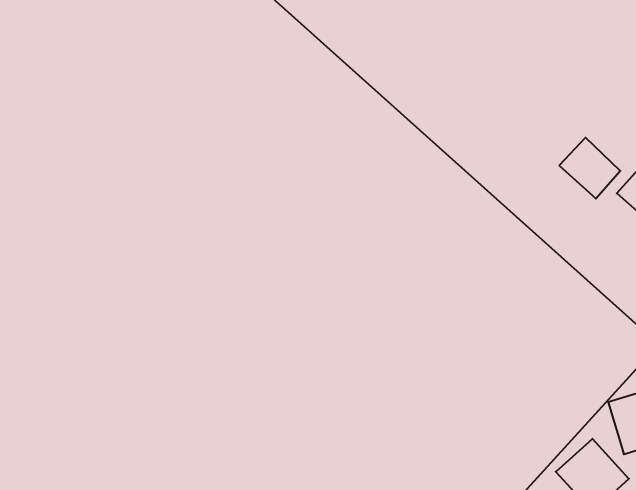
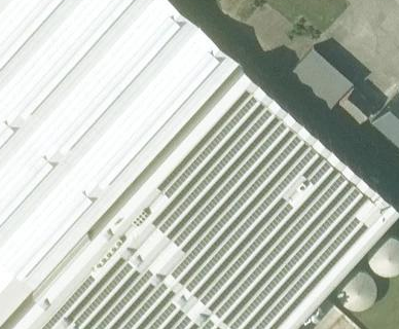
building: none -> [288,49,353,111]

